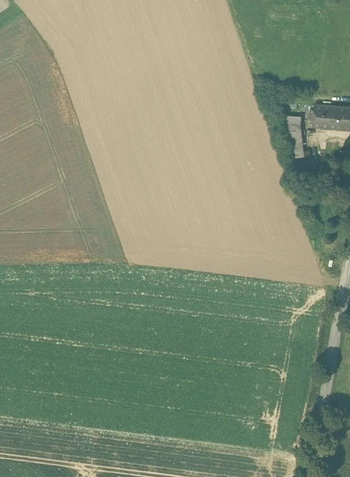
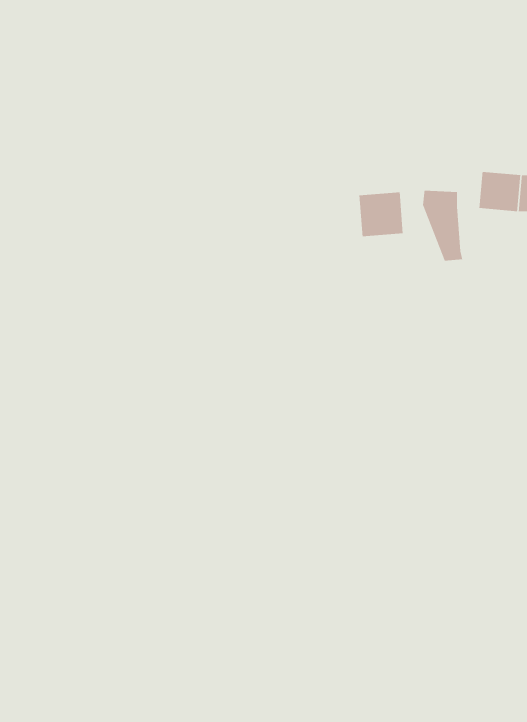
building: none -> [359,192,404,237]

